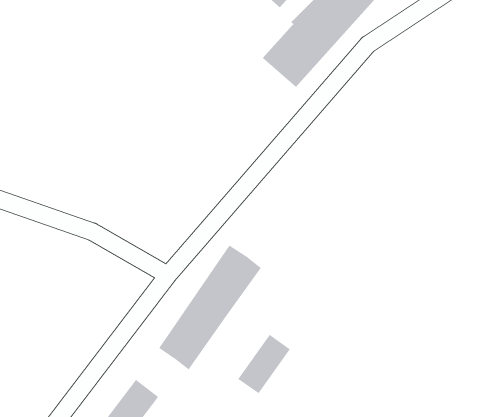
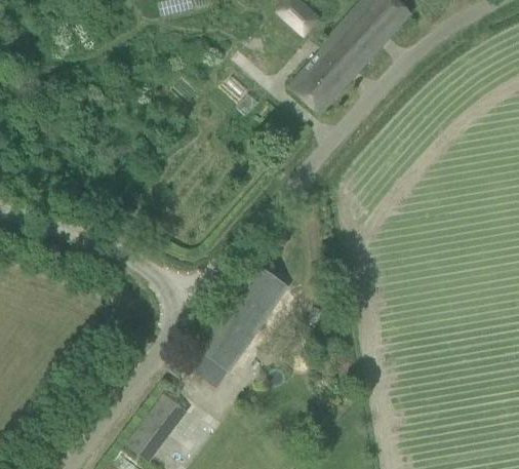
building: [237,334,291,394] -> none

